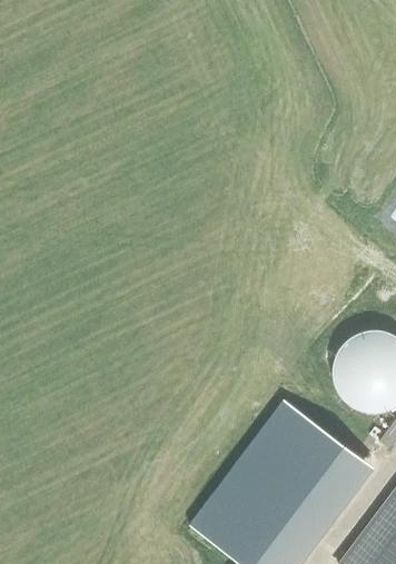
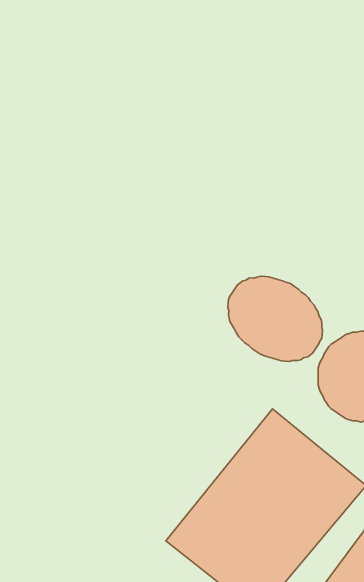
building: none -> [228,276,322,361]

